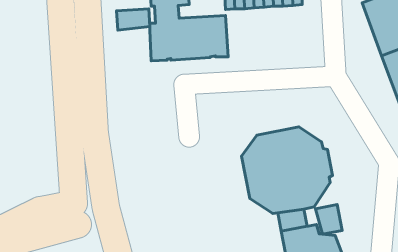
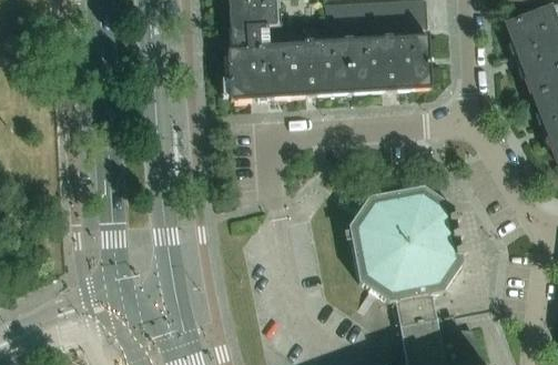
building: [116,9,150,30] -> none
building: none -> [326,33,432,94]
building: [316,204,342,234] -> none

